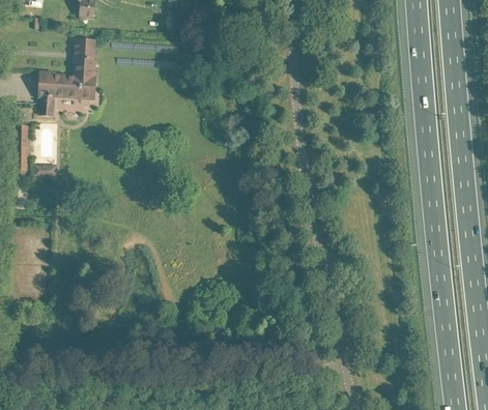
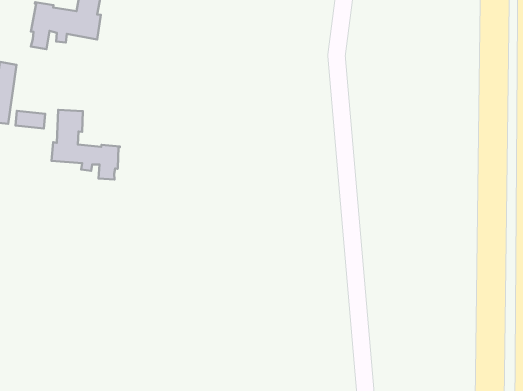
building: none -> [51,110,120,180]

